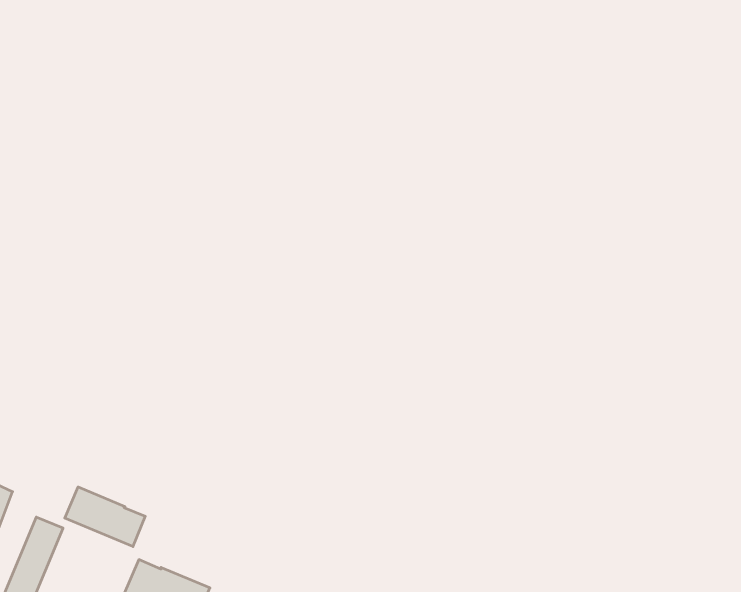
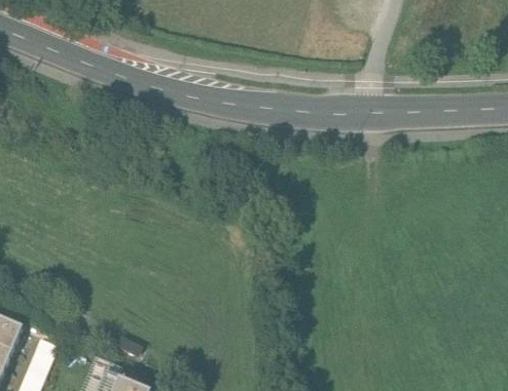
building: [65,487,145,547] -> none

